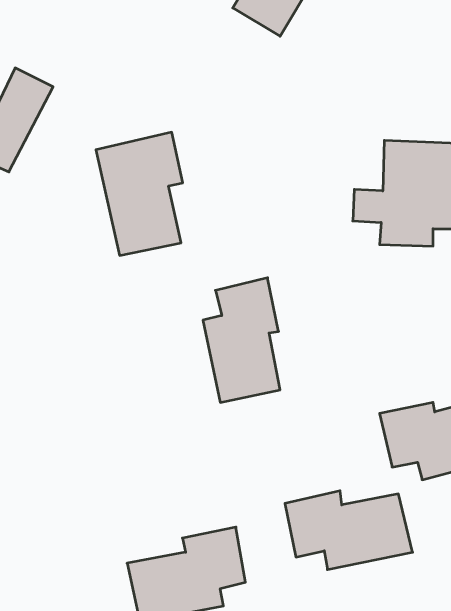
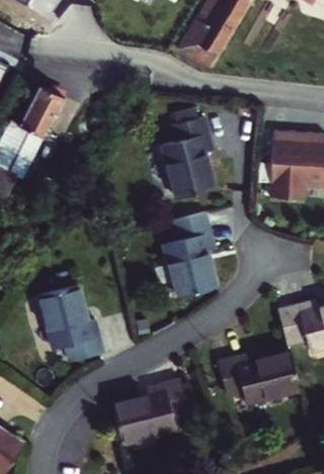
building: [96,132,183,255] -> [156,123,212,202]
building: none -> [45,282,104,358]

